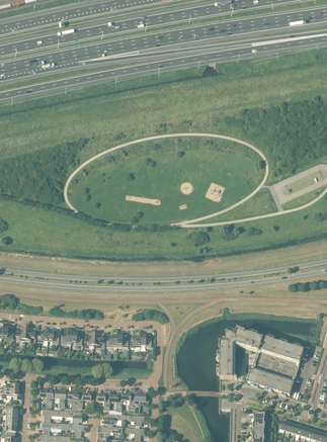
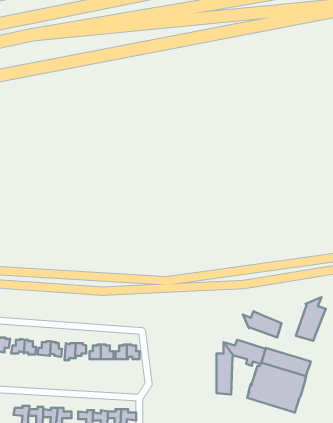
building: none -> [296,297,326,341]
building: none -> [243,311,282,338]

